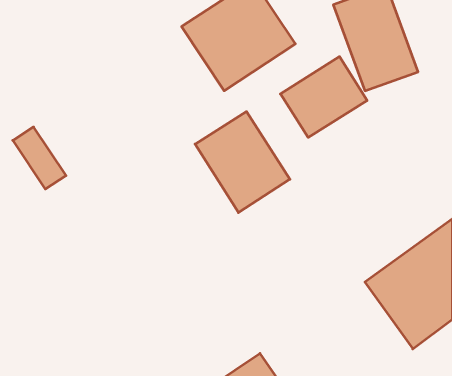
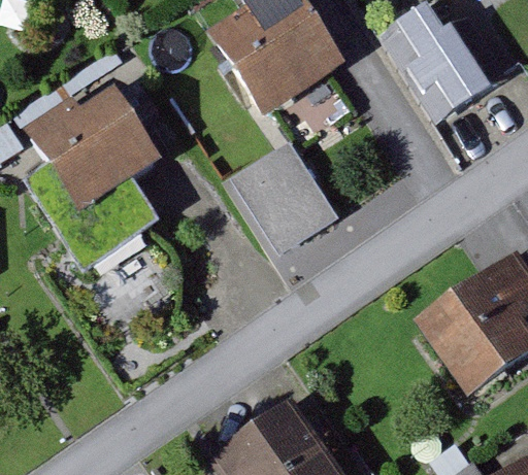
building: [280,57,367,137] -> none
building: none -> [36,81,165,208]

